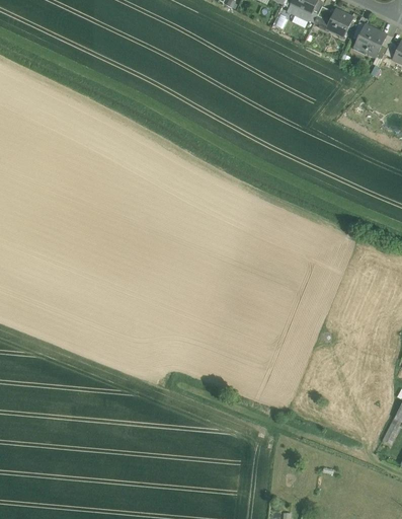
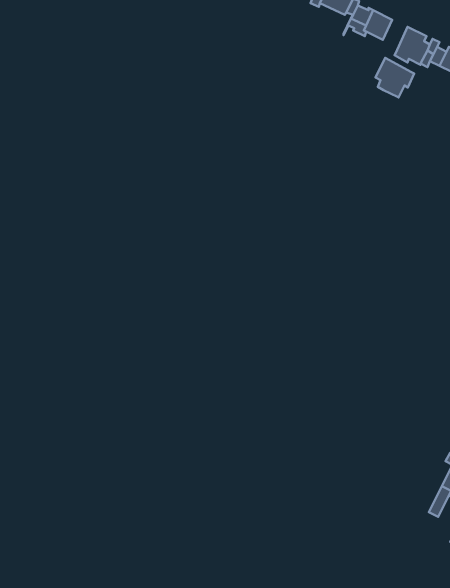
building: none -> [375,58,414,98]

